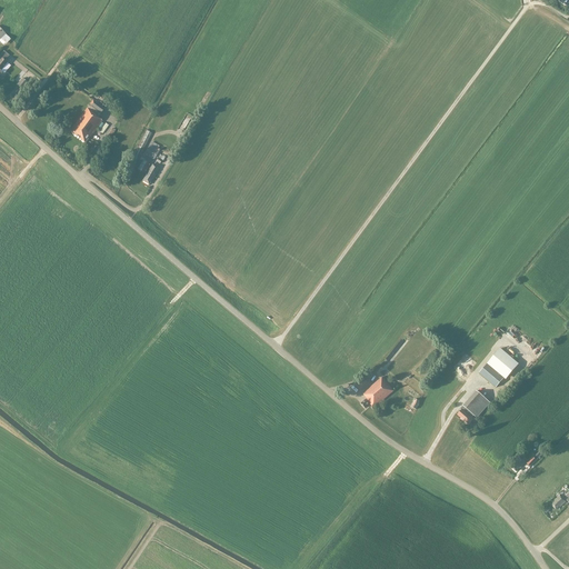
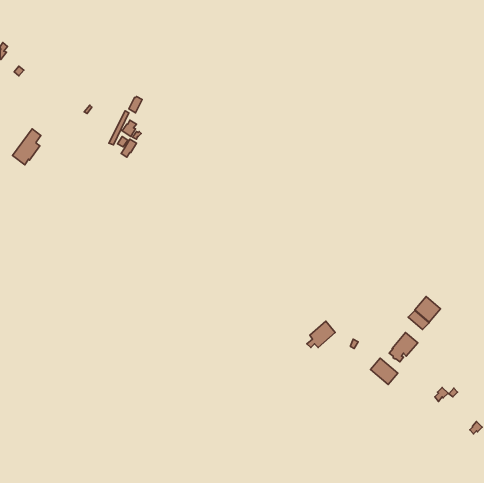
building: [70,100,103,142] -> [12,129,41,165]
building: none -> [370,358,398,384]

